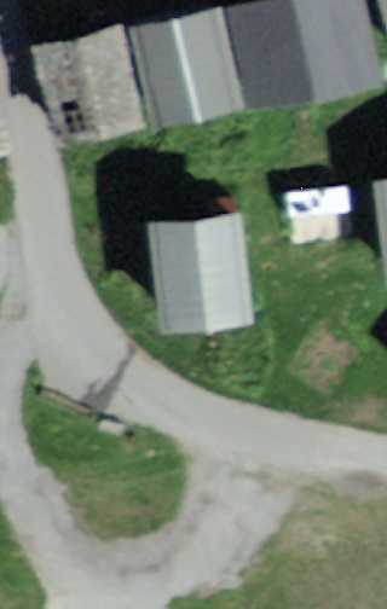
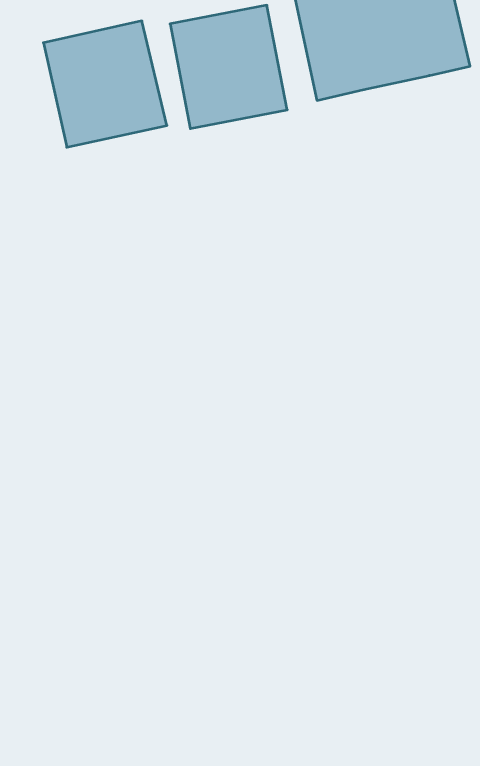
building: [163,215,247,317] -> none

